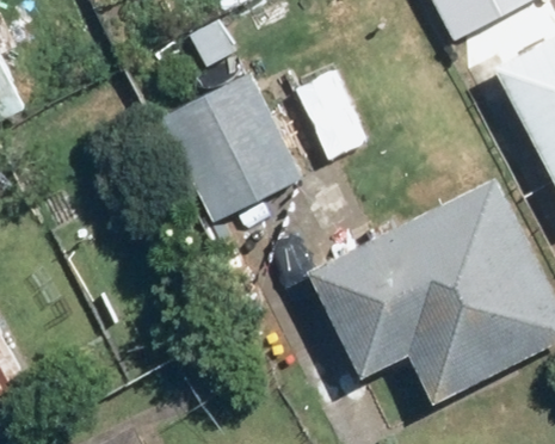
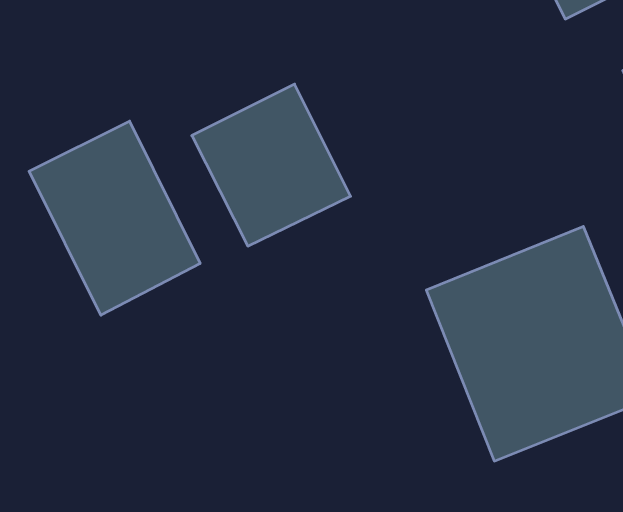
building: none -> [29,121,200,315]

